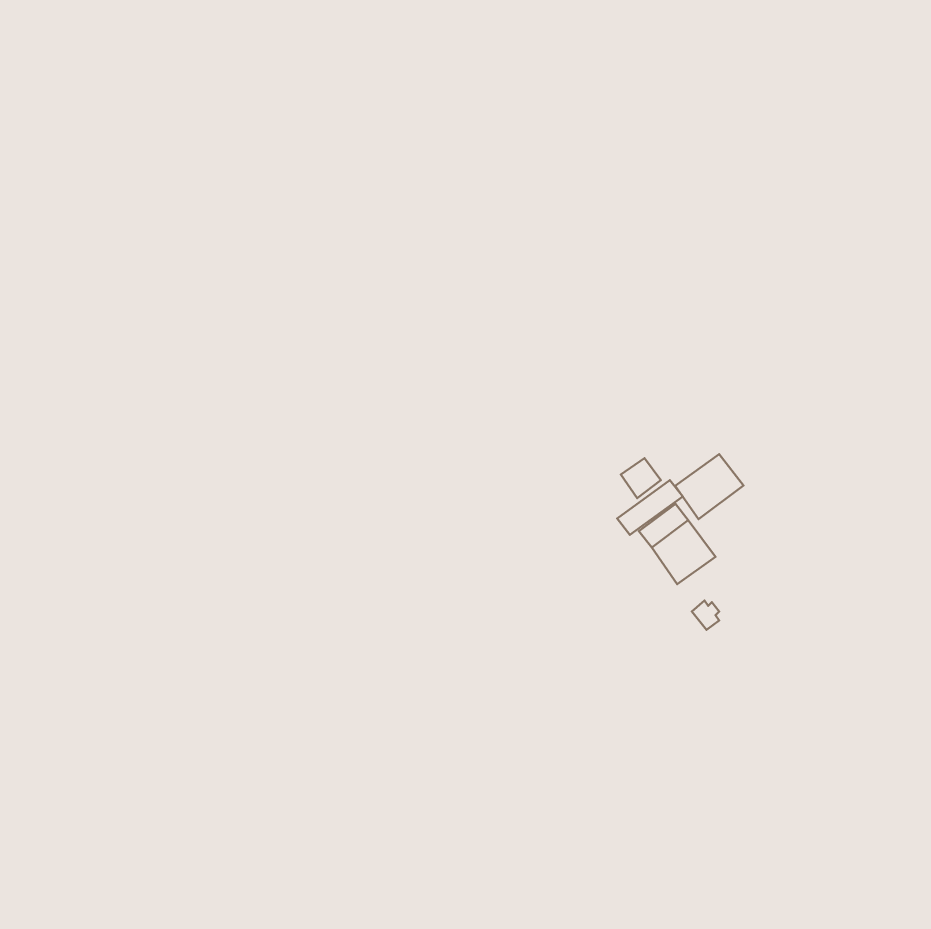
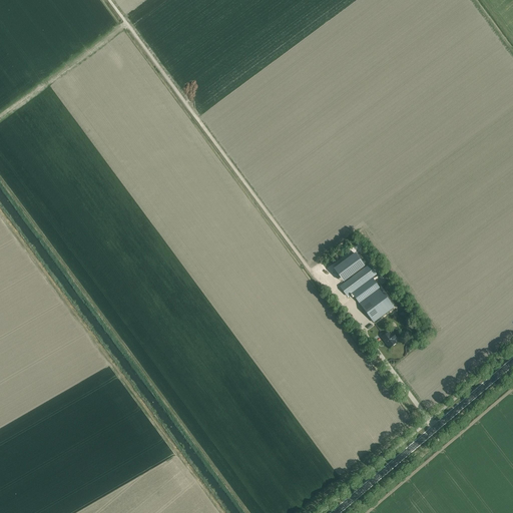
building: [675,454,743,519] -> none

